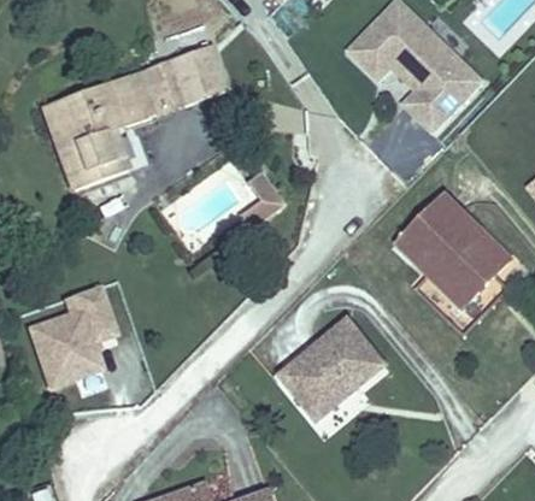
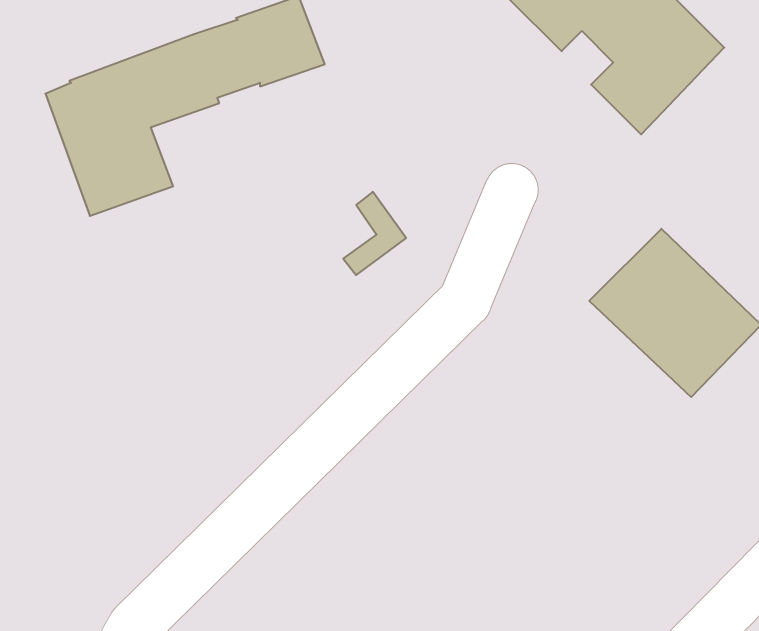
building: [25,283,118,390] -> none
building: [281,322,384,420] -> none

